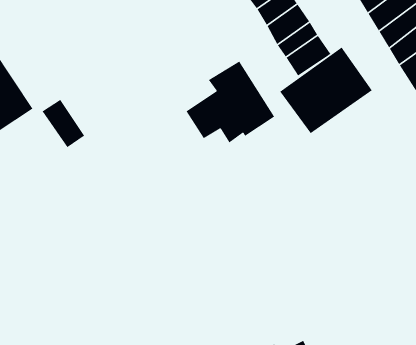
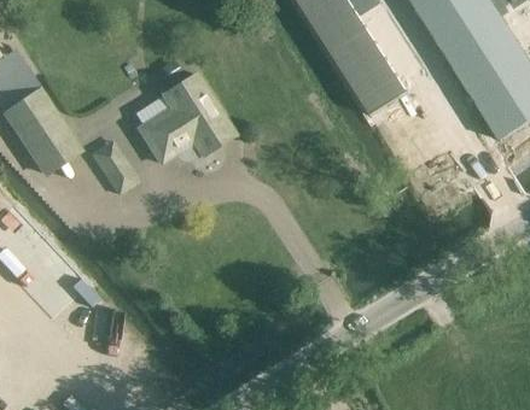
building: [279,47,373,134] -> none
building: [186,61,275,144] -> [139,72,235,162]

